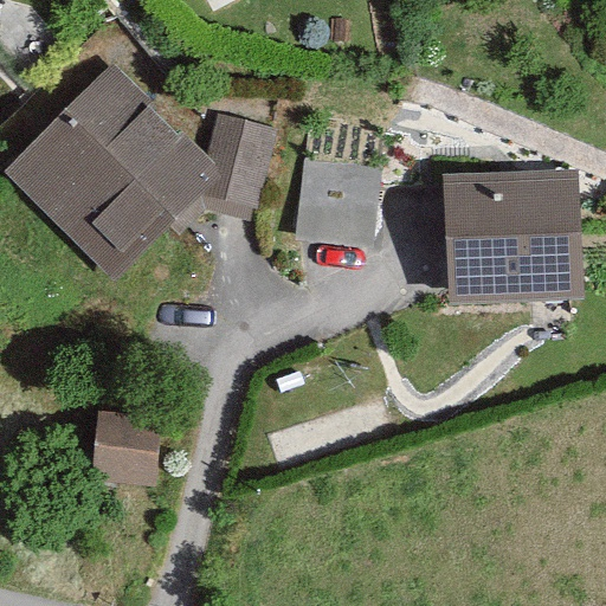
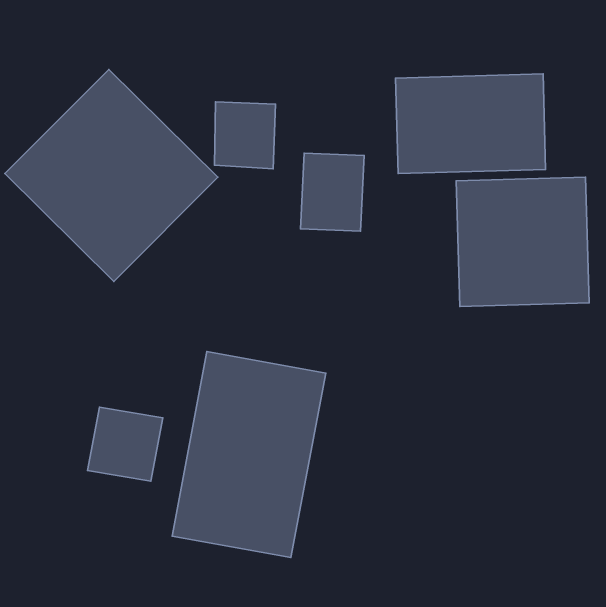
building: none -> [396,74,546,174]
building: none -> [172,352,326,558]

